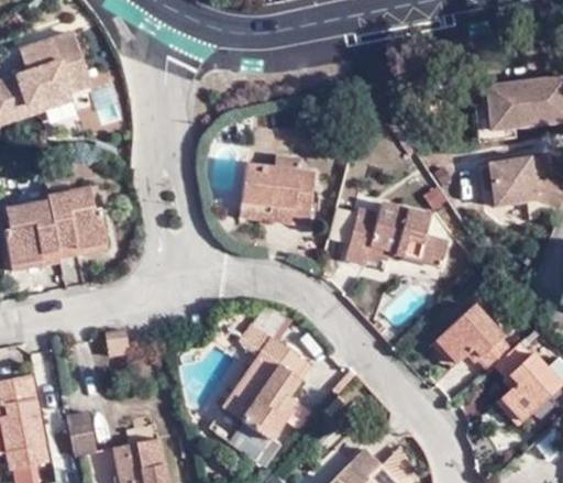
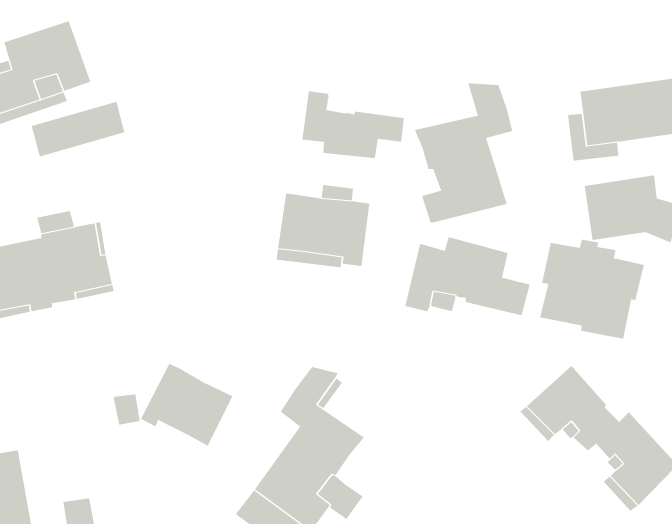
building: none -> [414,83,513,224]
building: none -> [302,90,404,159]
building: none -> [539,239,644,340]
building: none -> [140,363,233,447]

